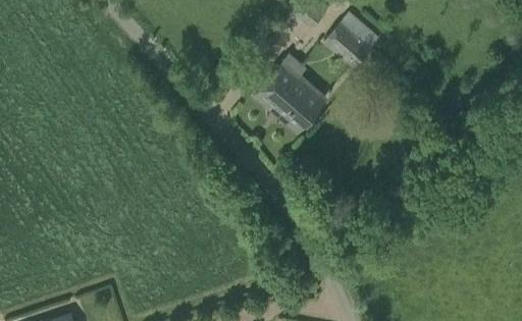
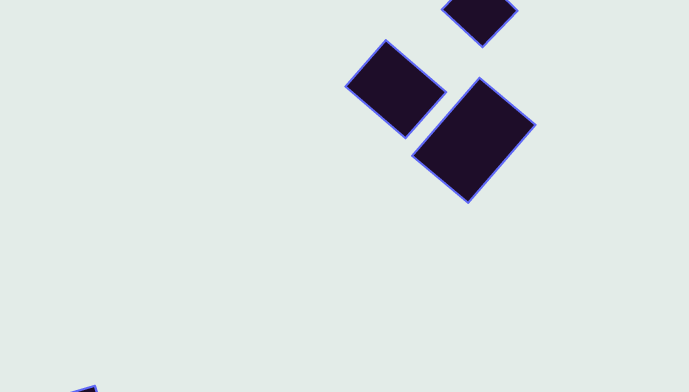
building: none -> [412,78,535,203]

